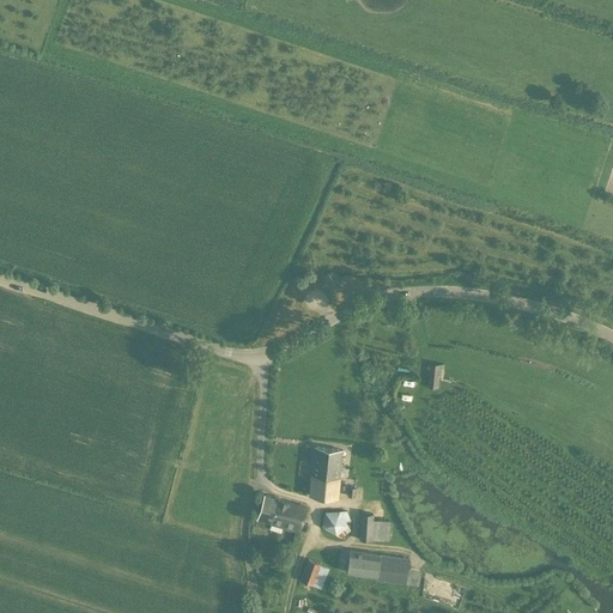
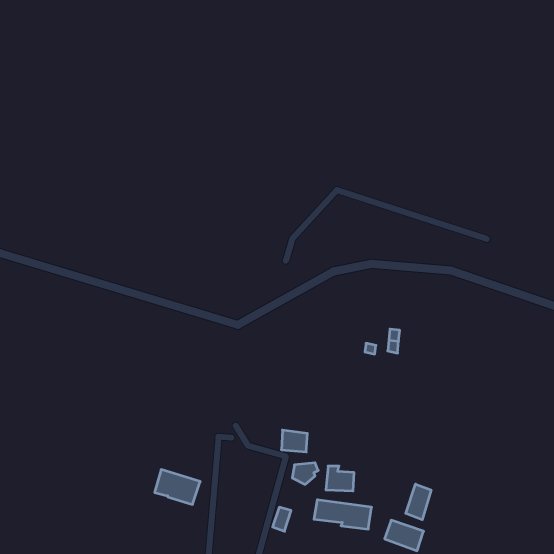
building: [312,448,344,479] -> none
building: [259,496,309,534] -> [155,470,200,504]
building: none -> [406,484,431,520]

